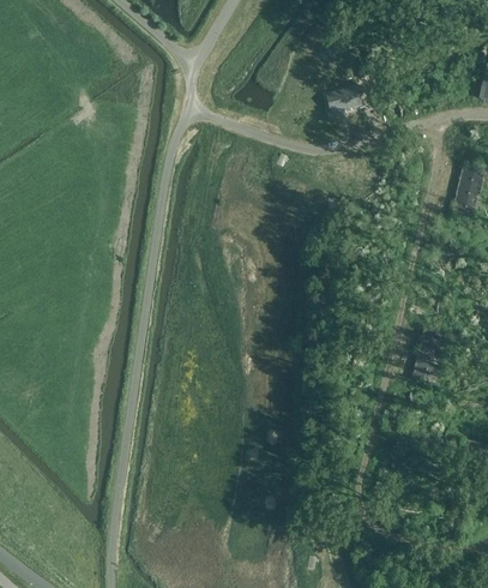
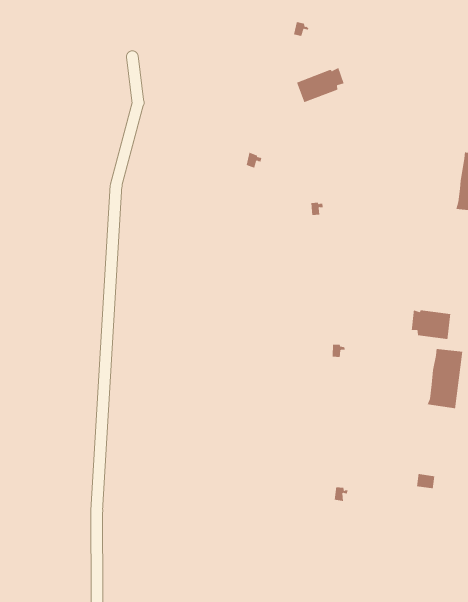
building: none -> [411,309,451,340]

